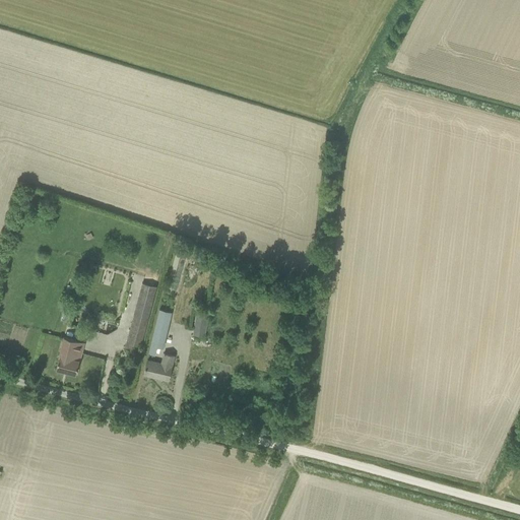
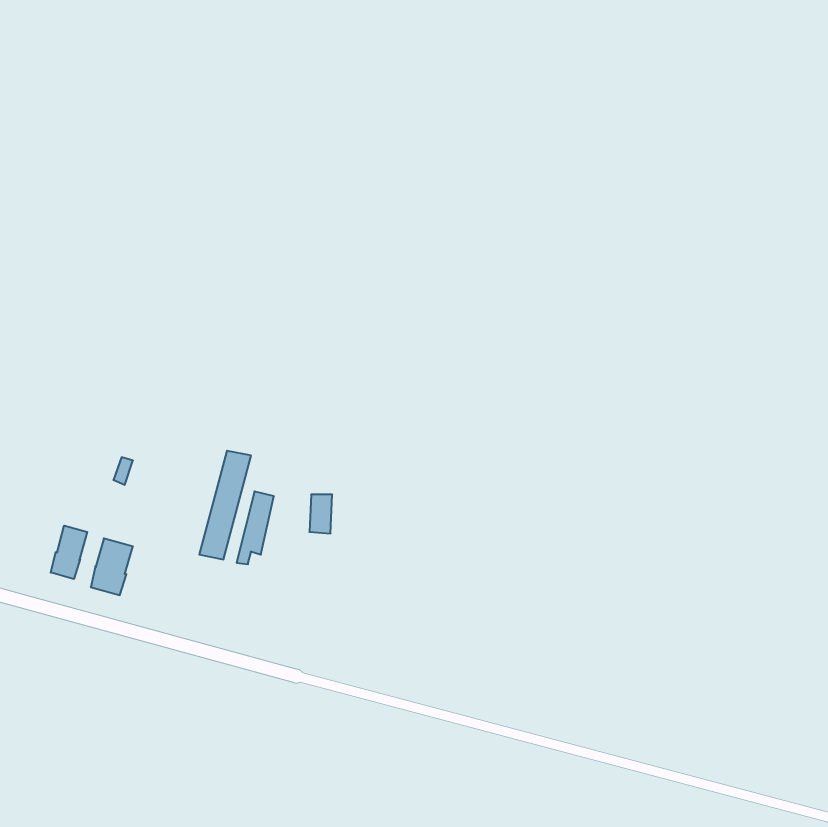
building: none -> [51,526,87,579]
building: [144,354,174,381] -> none

